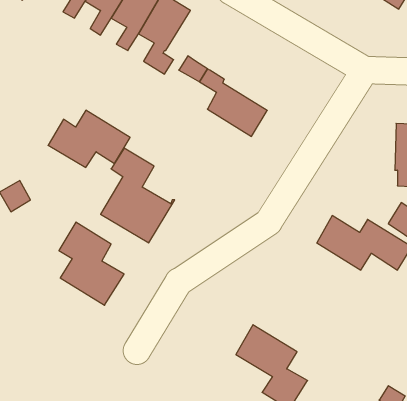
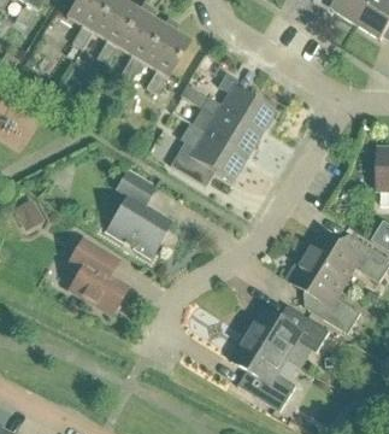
building: none -> [217,71,273,133]
building: [48,110,130,167] -> [169,131,244,184]
building: none -> [285,256,361,333]
building: none -> [246,305,329,357]

